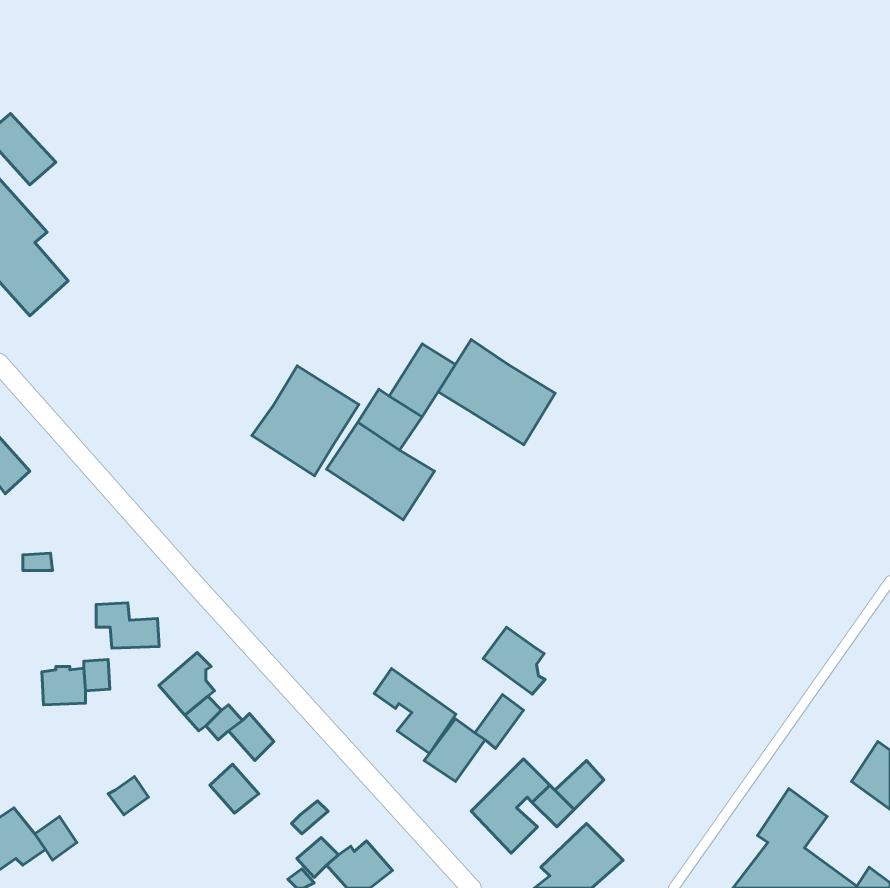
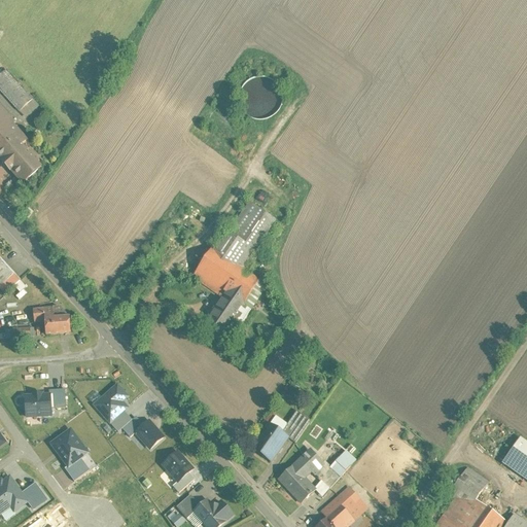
building: none -> [249,80,273,111]
building: [438,340,555,445] -> none
building: [252,366,359,476] -> none
building: none -> [204,294,238,330]
building: [96,603,159,648] -> [32,306,69,332]
building: [483,627,545,694] -> none
building: [374,669,456,754] -> none
building: none -> [51,430,86,466]
building: [210,764,259,813] -> [163,452,191,481]

